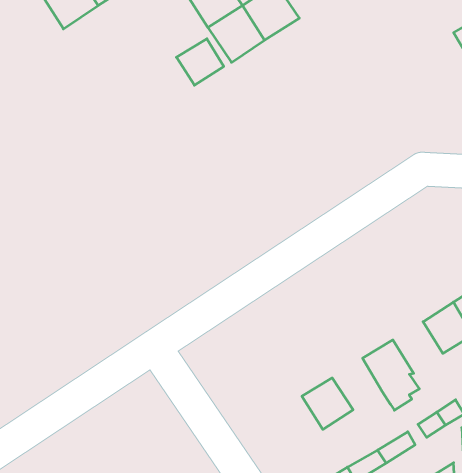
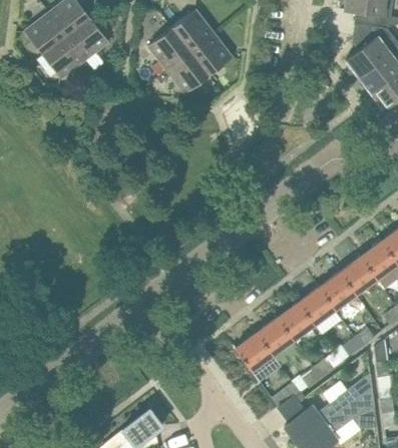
building: [176,39,224,85] -> none
building: none -> [319,272,356,310]
building: none -> [277,302,321,348]
building: none -> [235,333,280,382]

